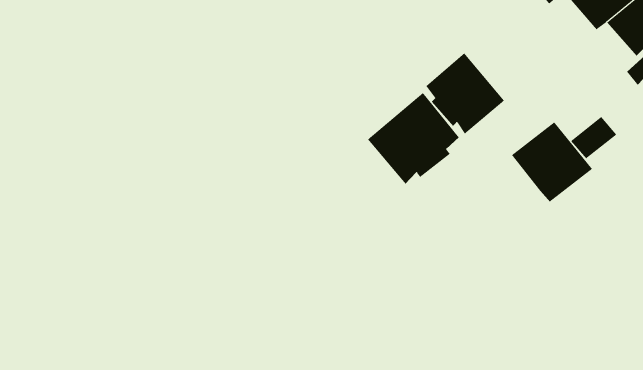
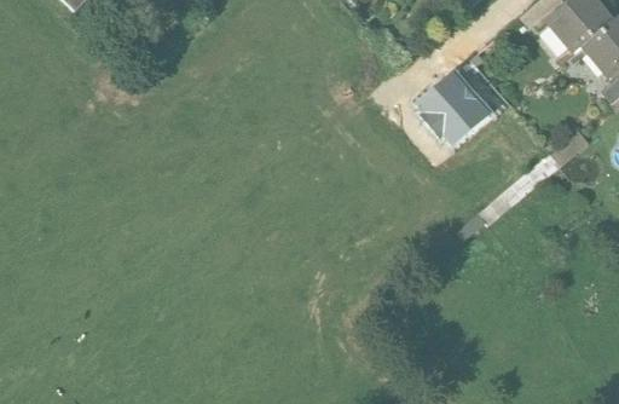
building: [367,92,460,184] -> none
building: [511,121,593,202] -> none

